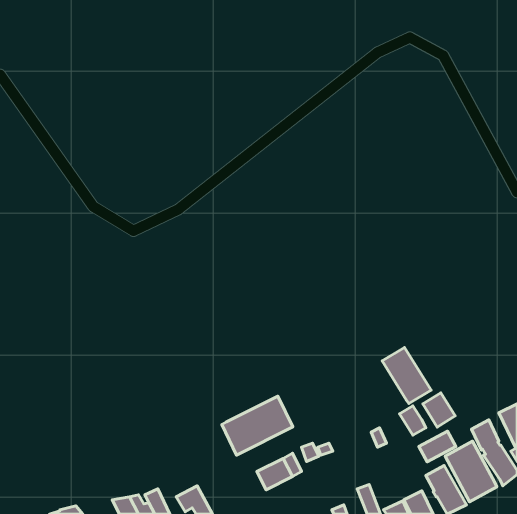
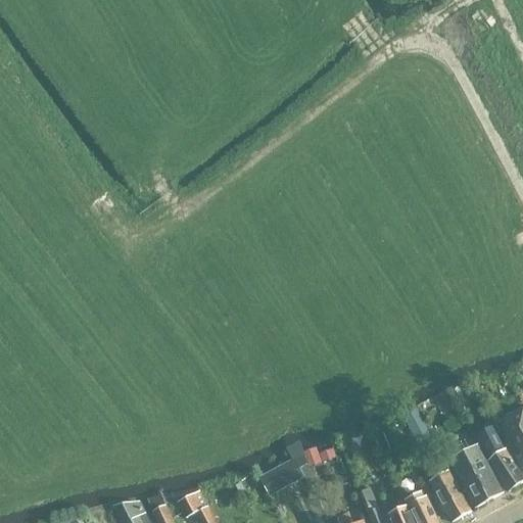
building: [382,347,431,403] -> none
building: [423,393,455,427] -> none
building: [222,396,293,455] -> none
building: [419,431,456,462] -> none

